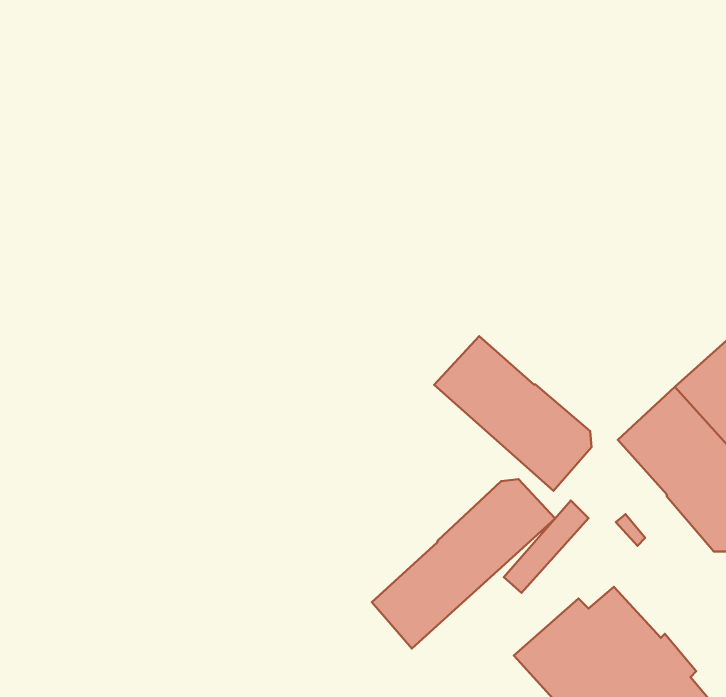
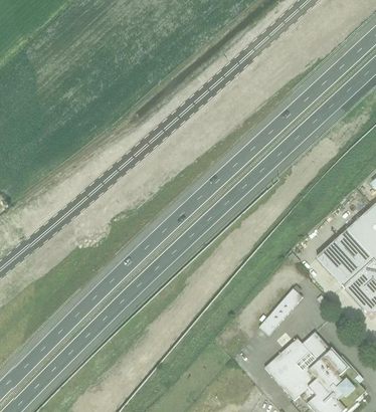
building: [434,336,592,491] -> none
building: [372,479,555,649] -> none

